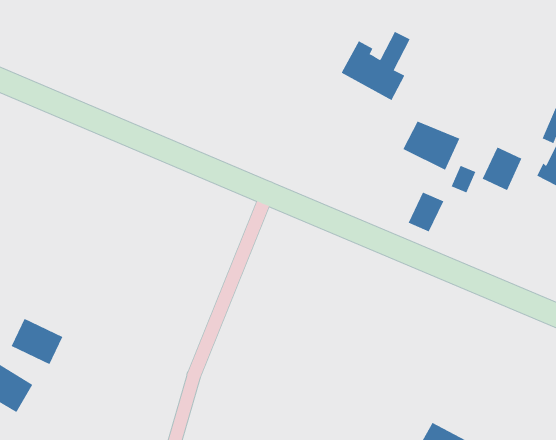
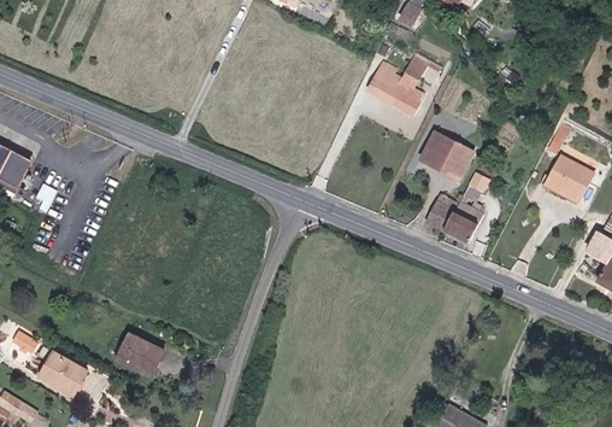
building: [482,147,522,191] -> [446,205,482,245]
building: [11,318,63,365] -> [117,335,164,378]

